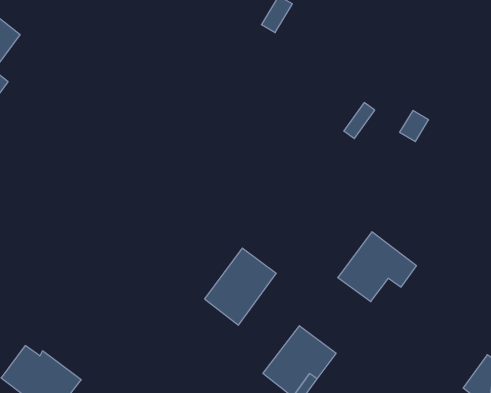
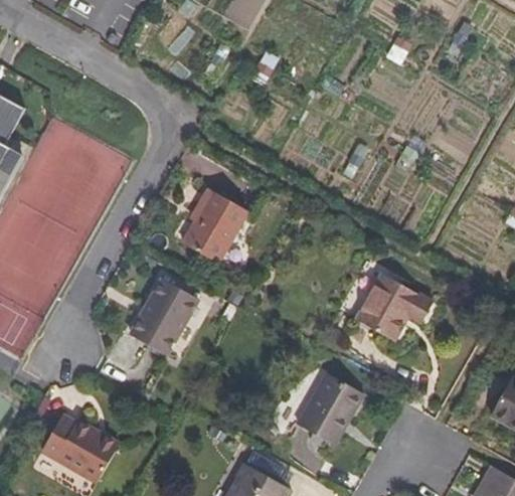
building: none -> [187,186,251,259]
building: [205,248,276,325] -> [134,278,199,351]

